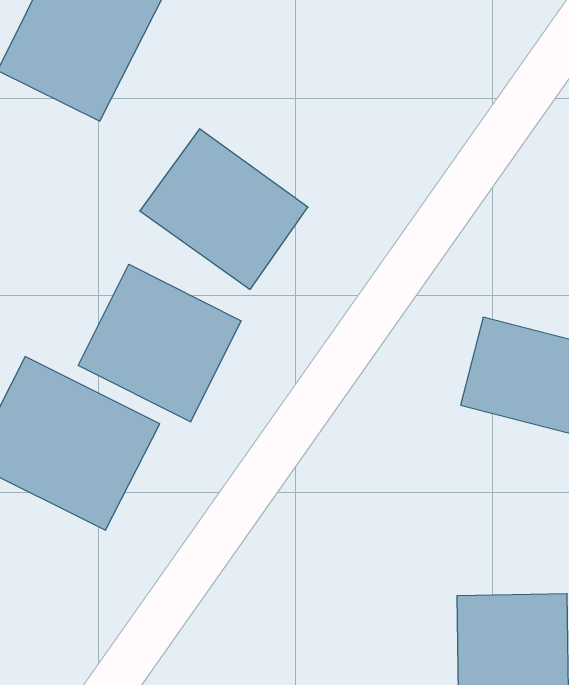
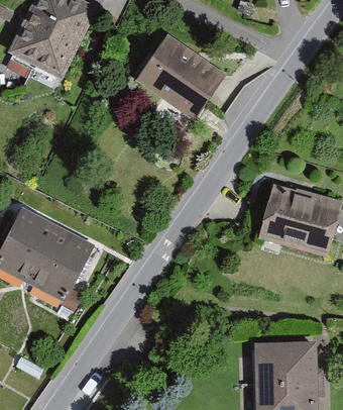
building: [140,129,308,289] -> [134,32,225,119]
building: [78,264,241,422] -> none

